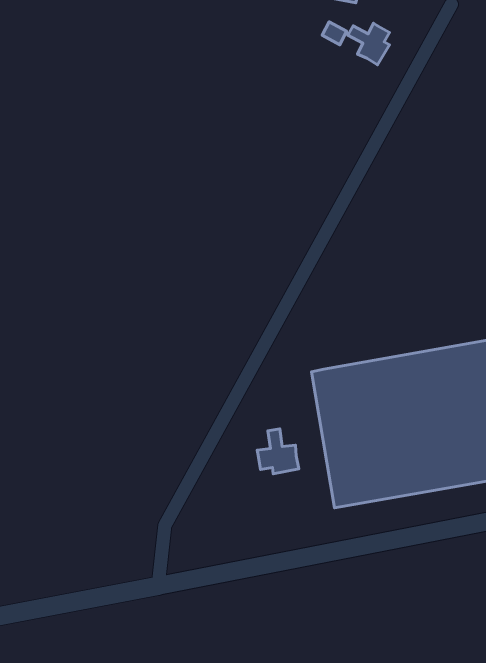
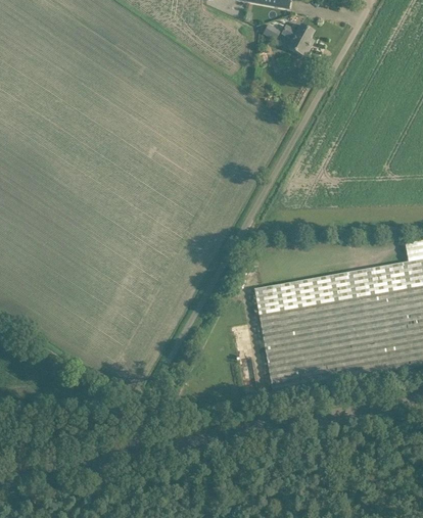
building: [257,429,299,474] -> none

